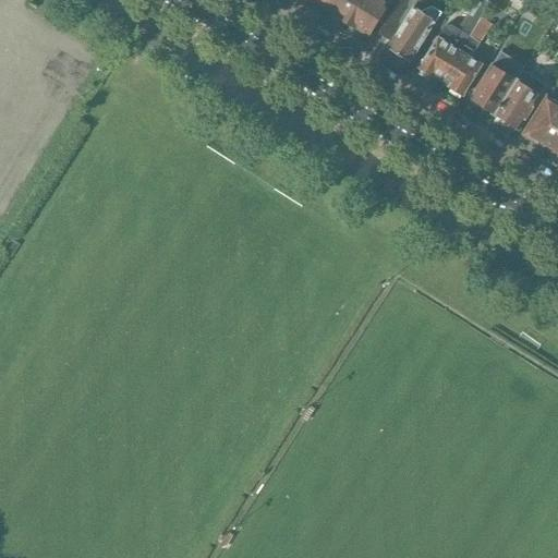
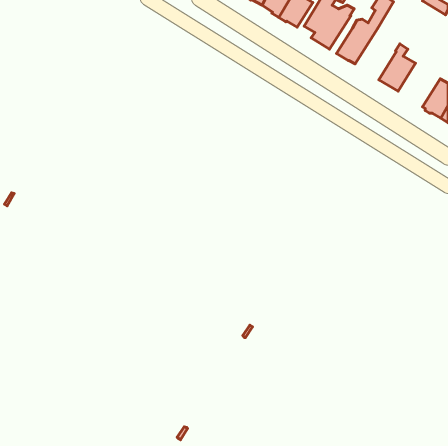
building: [441,35,483,95] -> none
building: [495,69,546,129] -> none

